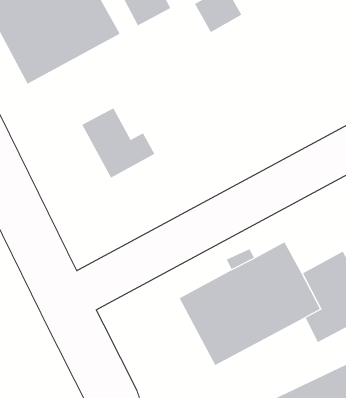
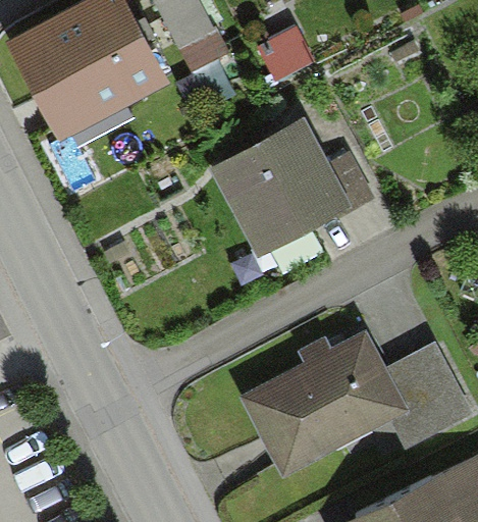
building: none -> [209,118,374,260]
building: [82,108,155,178] -> none

